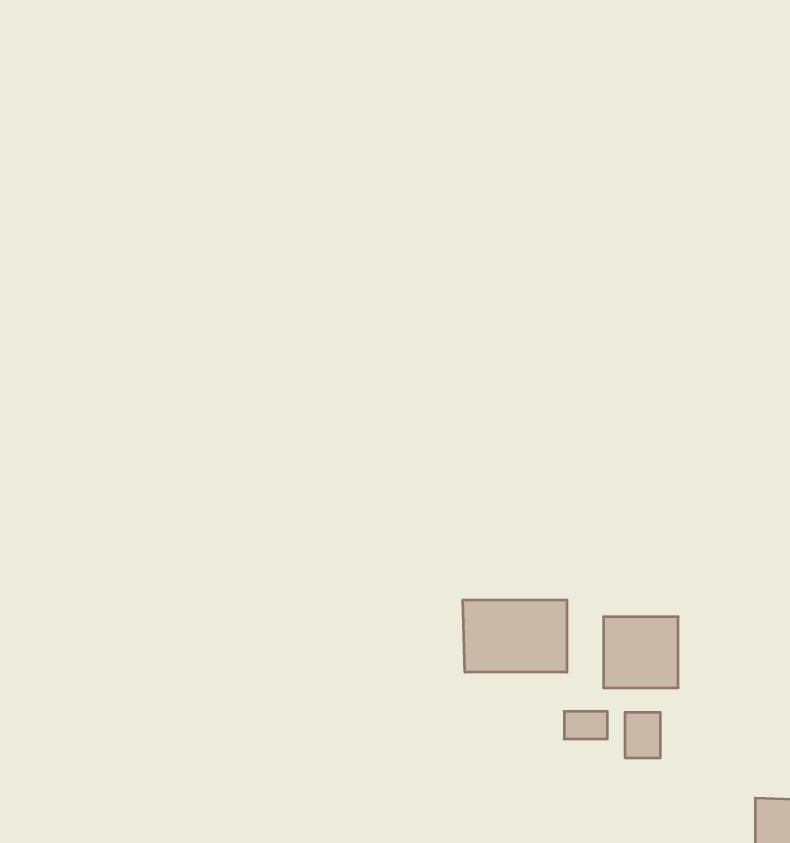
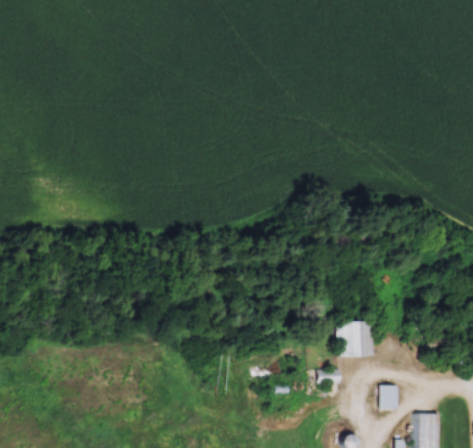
building: [463,600,567,672] -> none
building: [625,712,660,758] -> [378,386,396,409]

